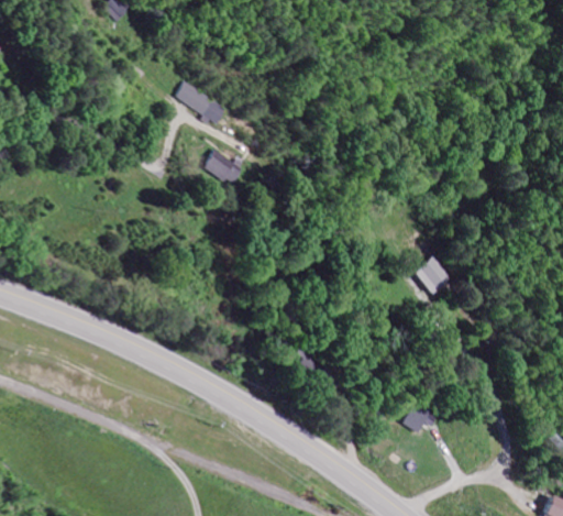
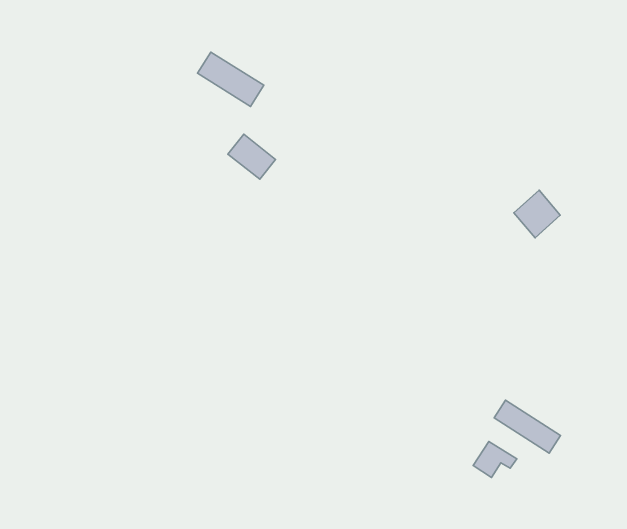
building: [415,254,453,294] -> [514,190,560,238]
building: none -> [494,400,560,453]

